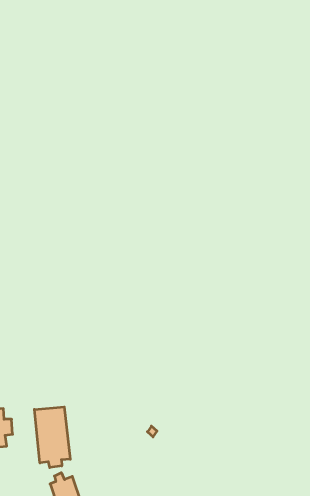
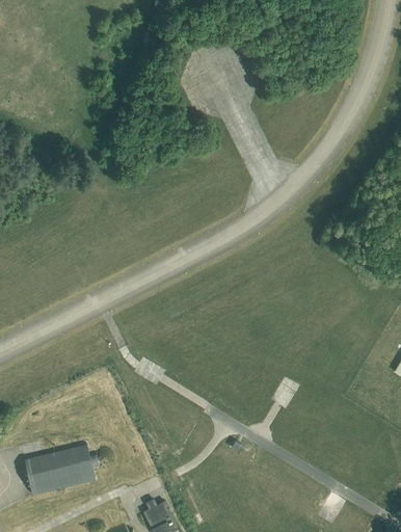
building: [34,407,70,468] -> none

